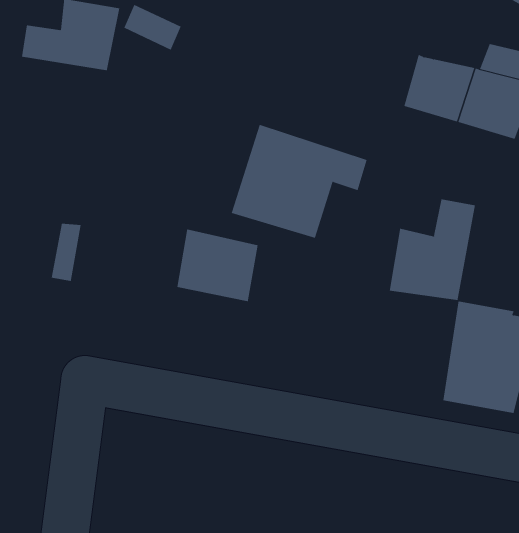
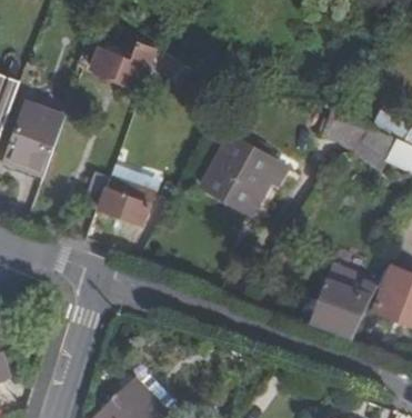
building: [389,199,476,301] -> none
building: [177,229,259,302] -> [100,175,154,226]

